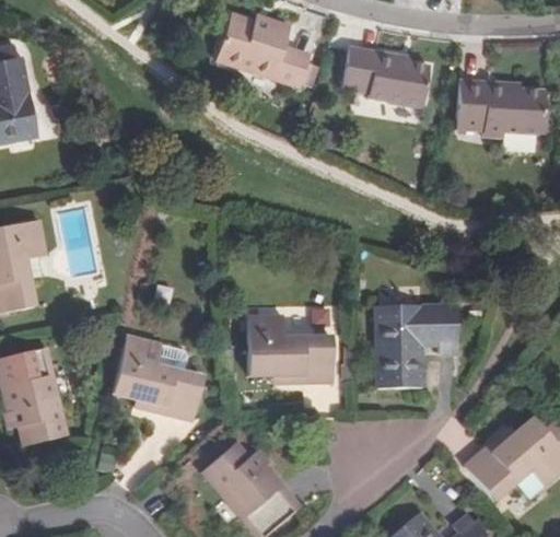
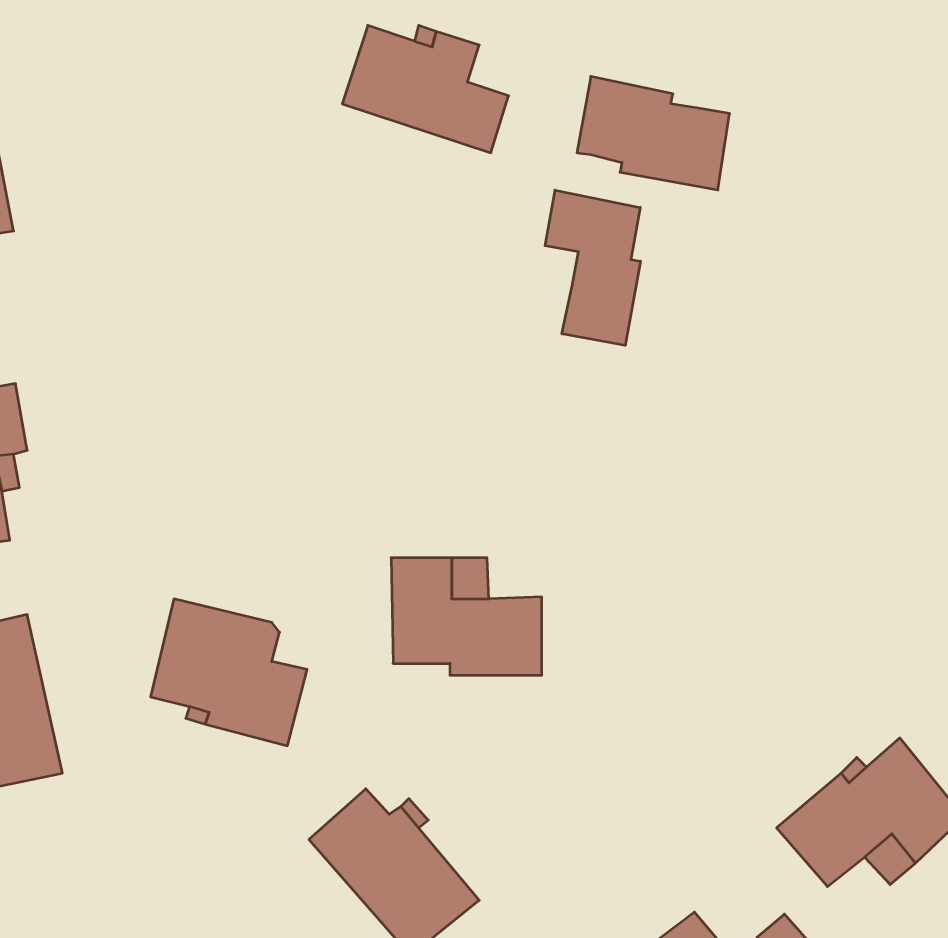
building: [464,74,552,129] -> none
building: none -> [545,190,640,345]
building: [376,304,457,386] -> none

